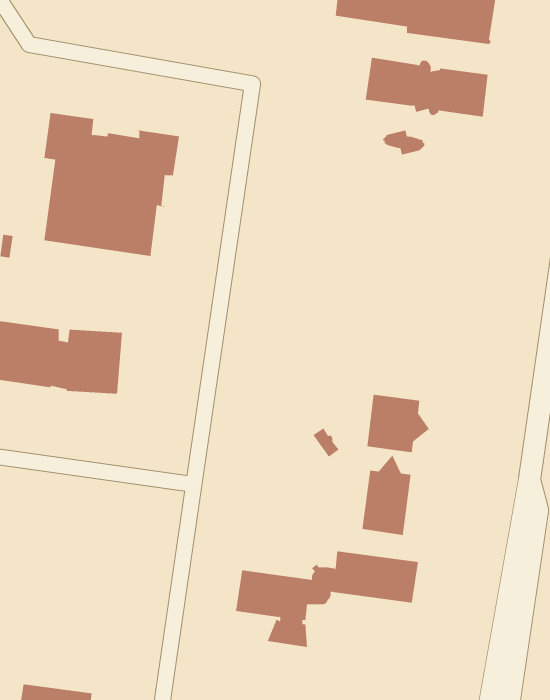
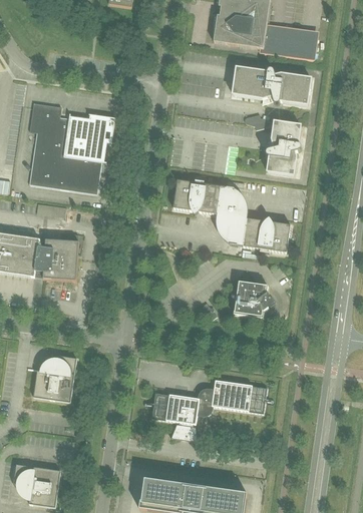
building: none -> [266,121,301,175]
building: none -> [173,179,290,252]
building: [362,454,411,536] -> none
building: none -> [33,355,76,402]

